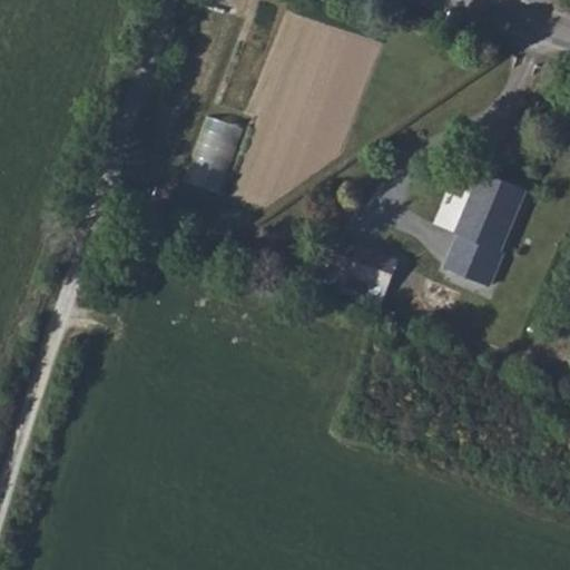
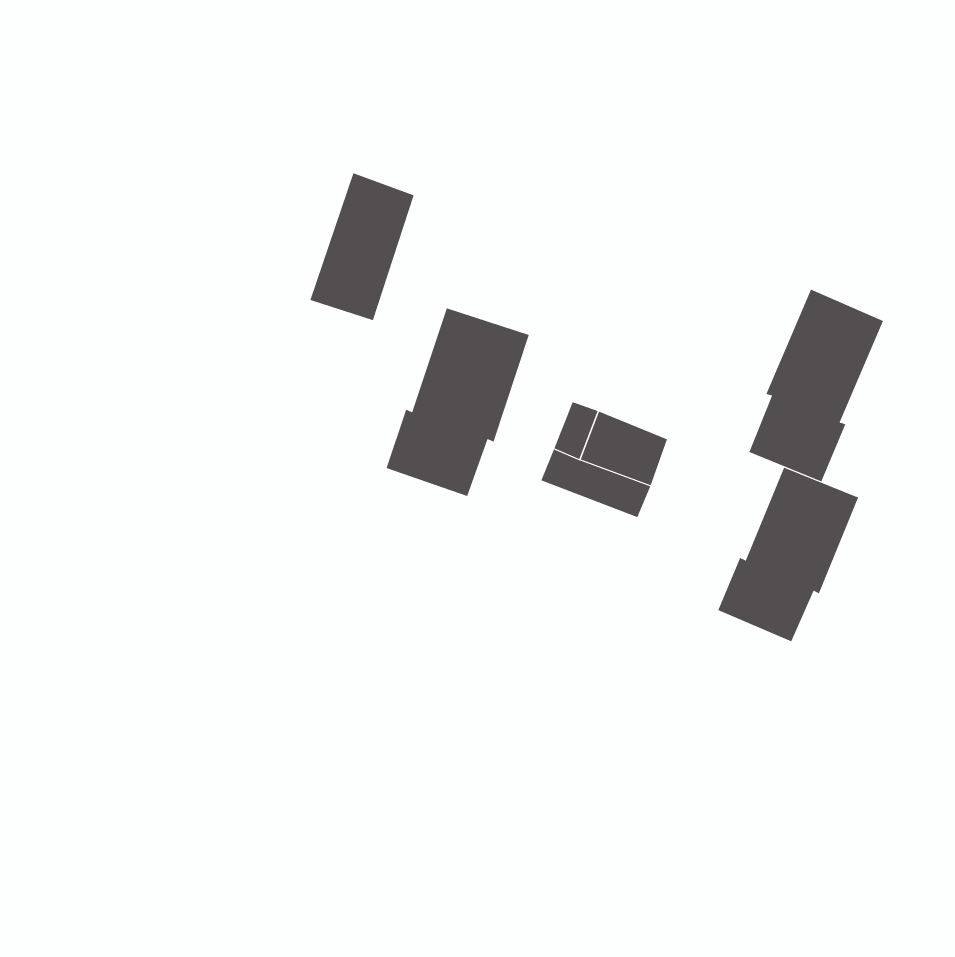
building: none -> [386,307,529,497]
building: none -> [718,467,859,642]

